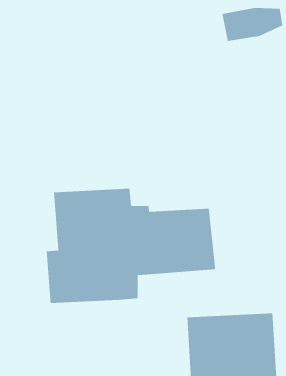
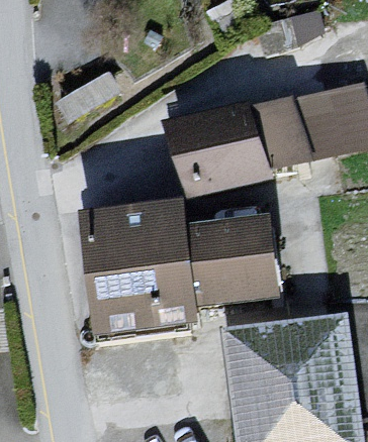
building: none -> [182,96,330,187]

